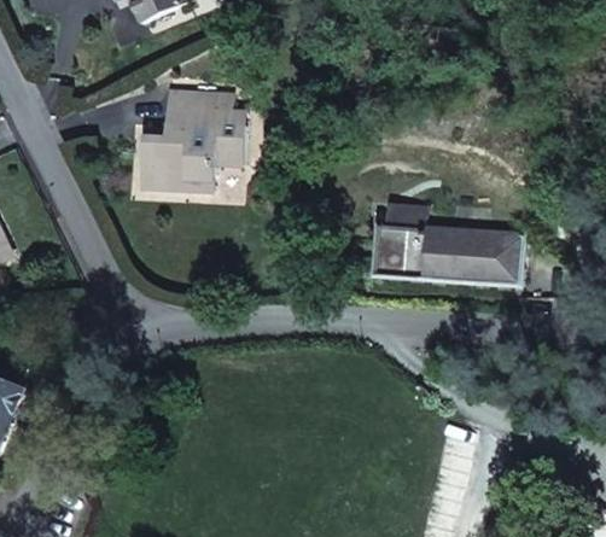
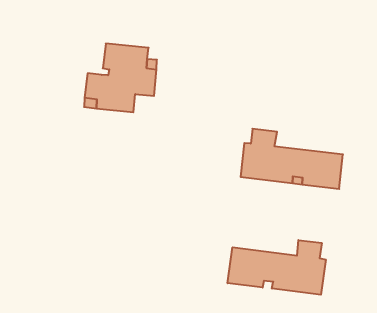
building: none -> [228,240,326,295]

